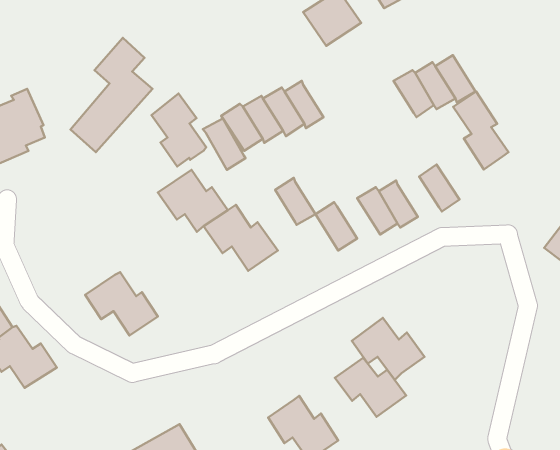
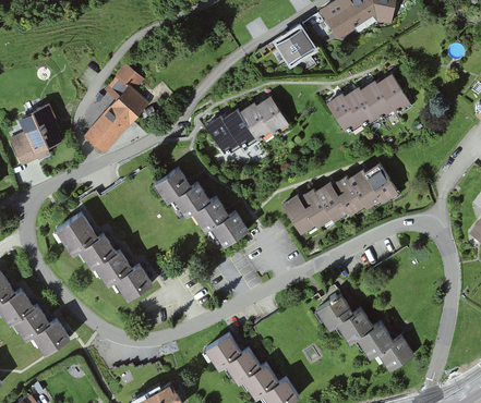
building: none -> [327,97,361,135]
building: [453,91,508,169] -> none
building: [151,94,206,167] -> none
building: [203,118,246,170] -> none
building: none -> [348,173,382,211]
building: [275,178,315,225] -> [299,191,332,229]
building: none -> [56,218,119,276]
building: [335,358,406,417] -> [351,319,409,367]
building: none -> [205,326,264,376]

